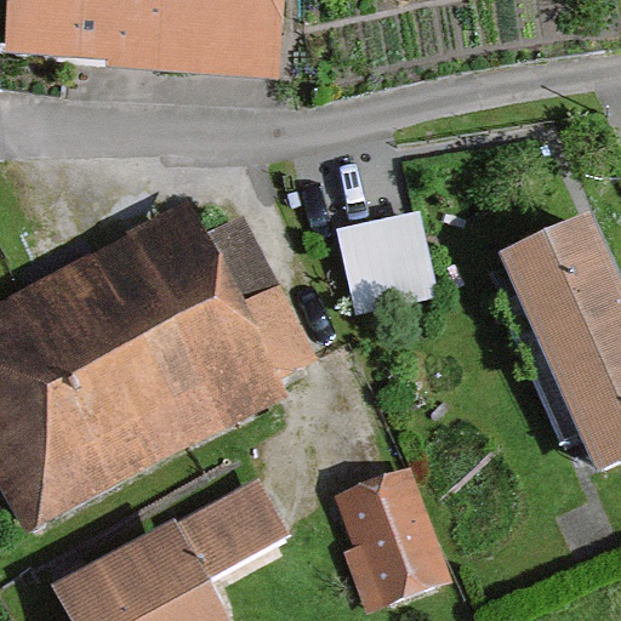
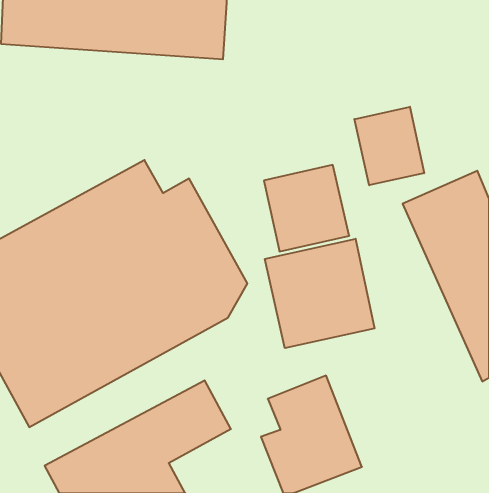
building: none -> [354,107,424,185]
building: none -> [265,239,375,348]

